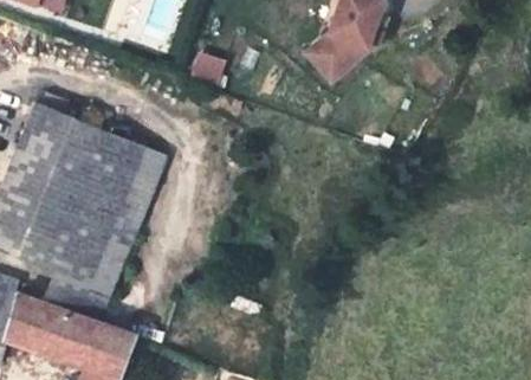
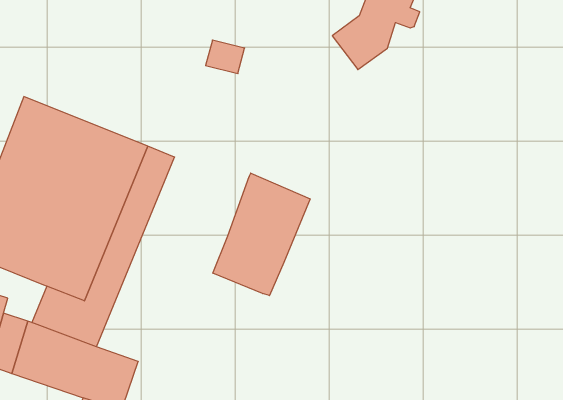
building: none -> [213,173,310,296]

